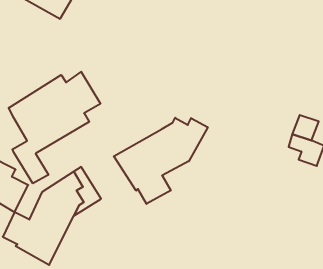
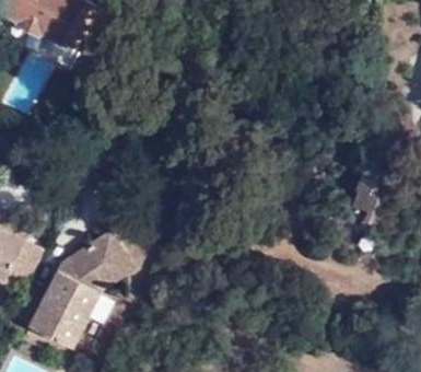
building: [9,72,100,183] -> none
building: [114,118,208,204] -> none

